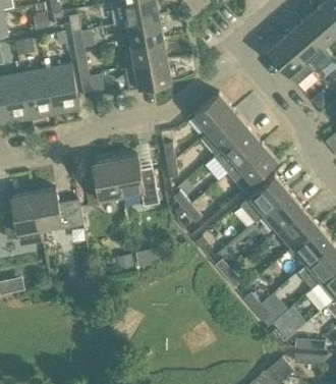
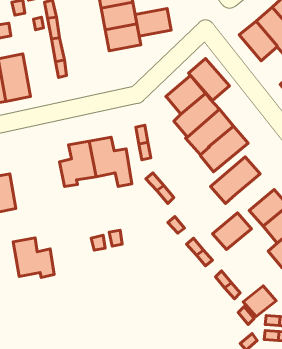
building: [134,61,171,90] -> [135,8,171,36]
building: [46,66,79,114] -> none
building: none -> [188,58,230,100]
building: [33,189,74,230] -> [13,238,54,277]
building: [264,194,303,231] -> [213,213,251,250]

